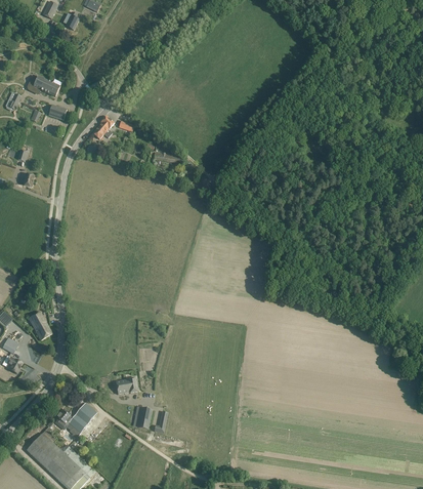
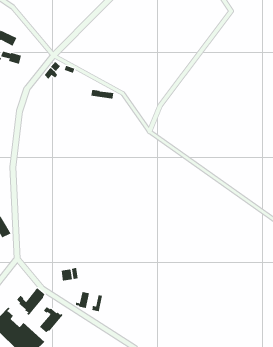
building: none -> [39,306,63,333]

